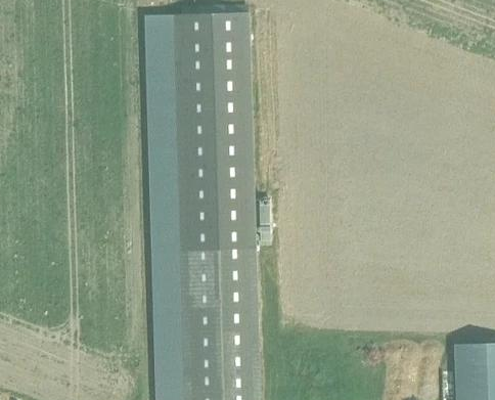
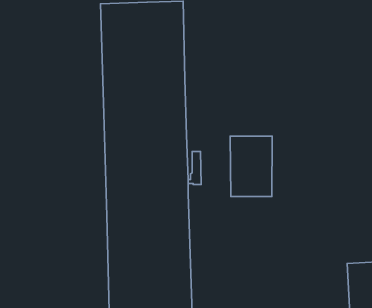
building: none -> [230,136,272,197]

